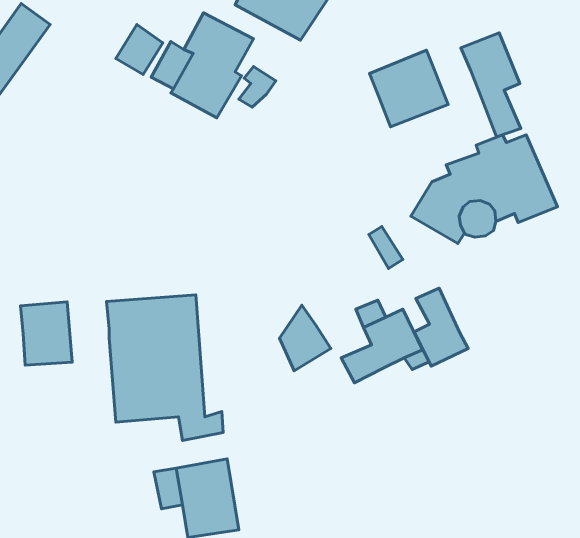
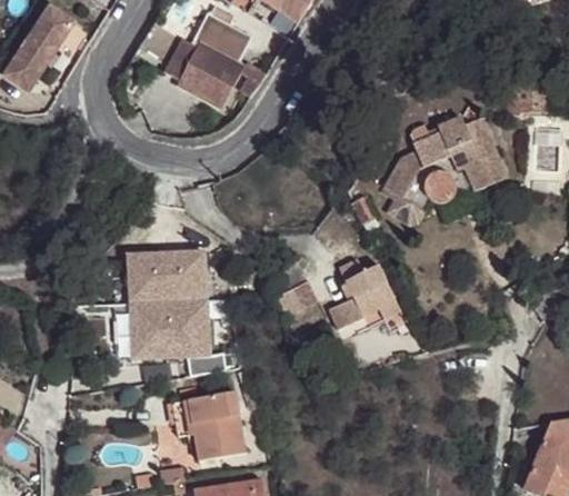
building: [461,33,521,137] -> none
building: [369,50,448,127] -> none
building: [414,288,468,366] -> none
building: [21,302,72,365] -> none

